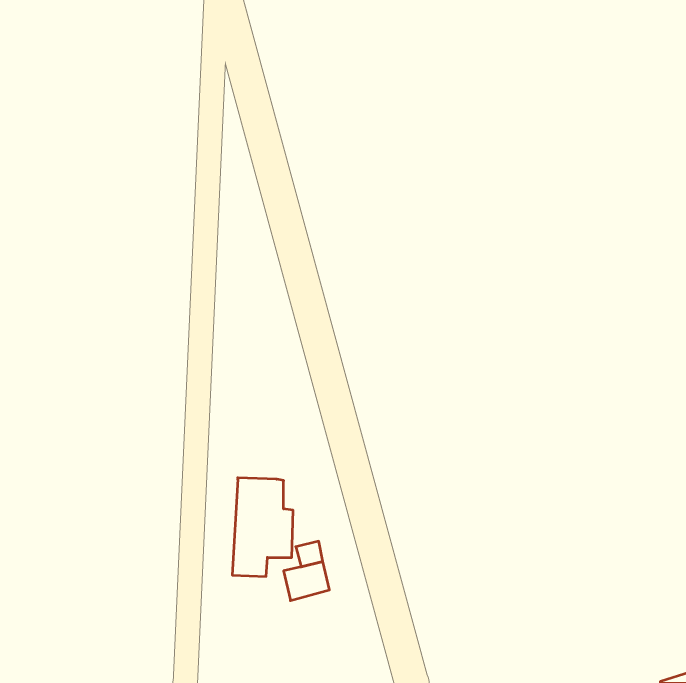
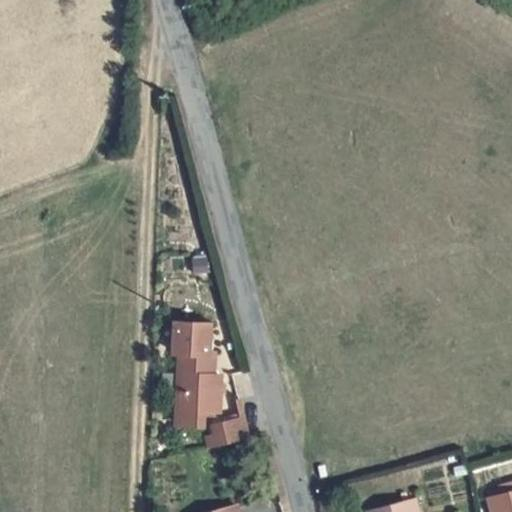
building: none -> [173,325,209,355]

